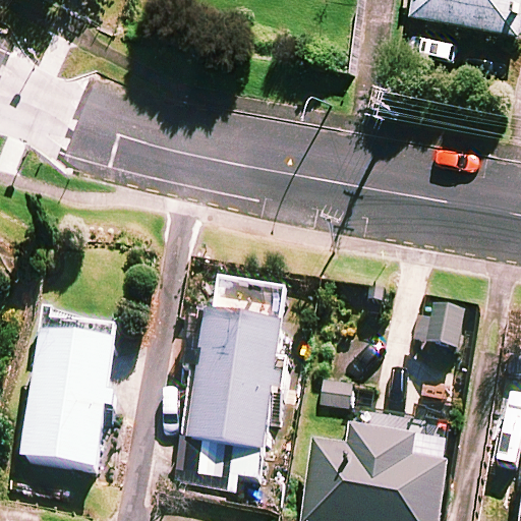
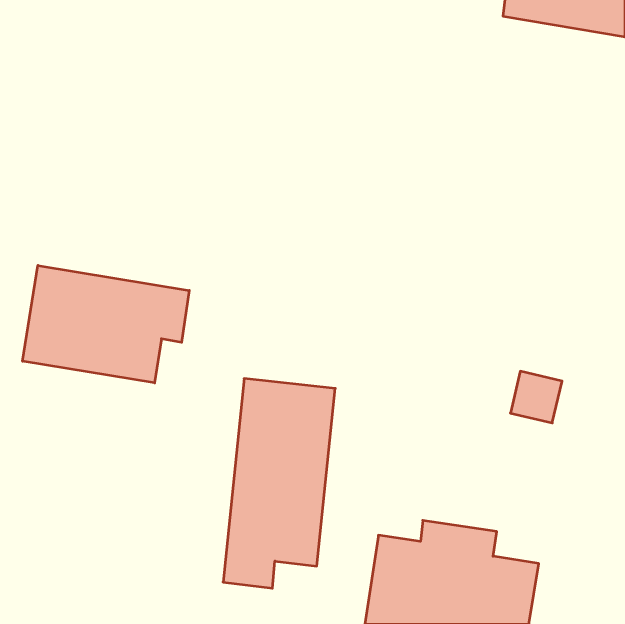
building: none -> [23,265,189,383]
building: [21,311,119,467] -> none

